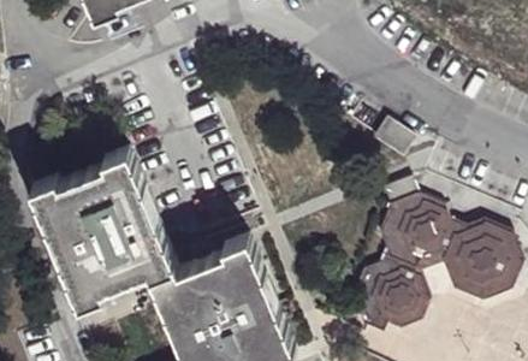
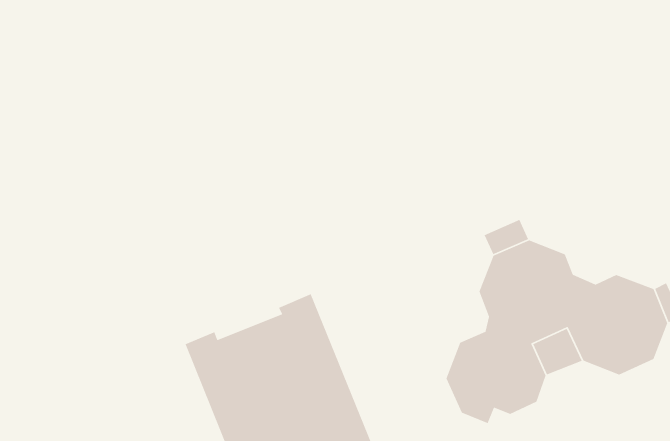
building: [30,159,172,313] -> none

